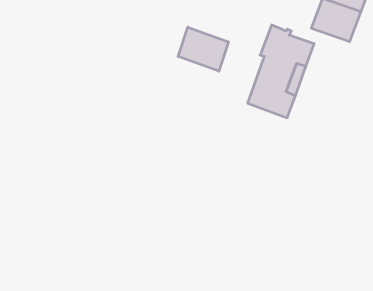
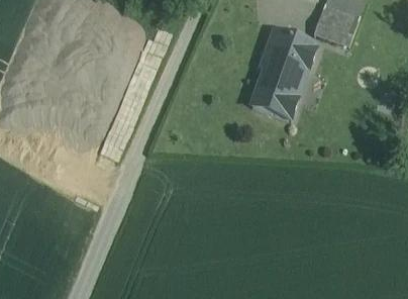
building: [178,27,228,71] -> none

